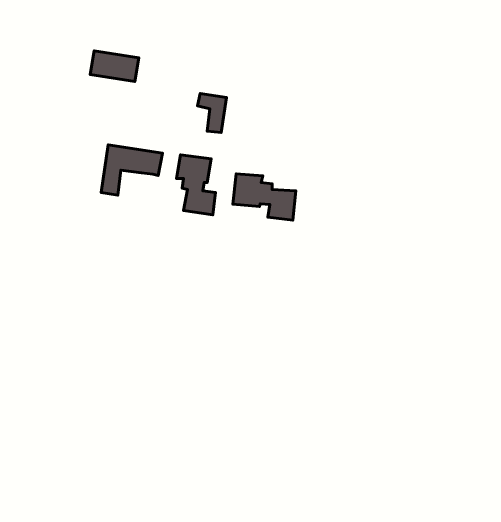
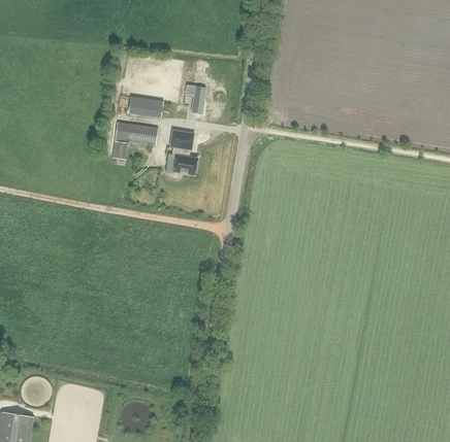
building: [90,51,139,82] -> [127,95,163,117]
building: [233,174,296,220] -> none

